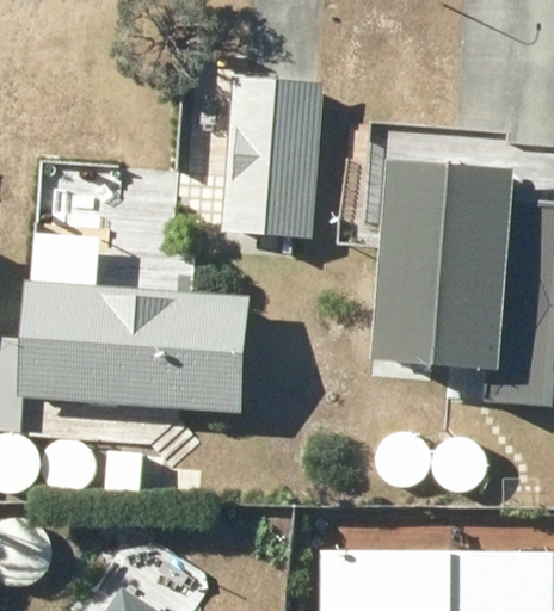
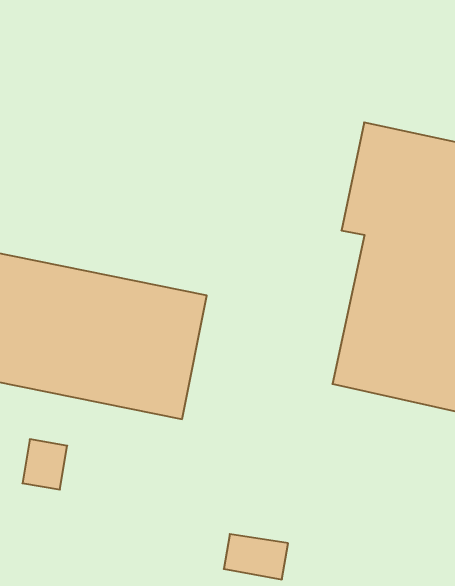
building: [218,74,320,237] -> none

